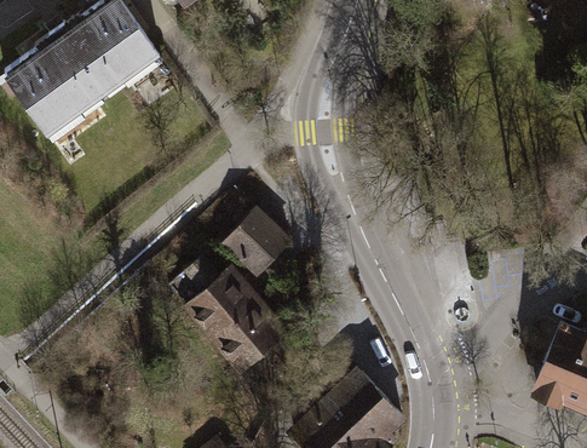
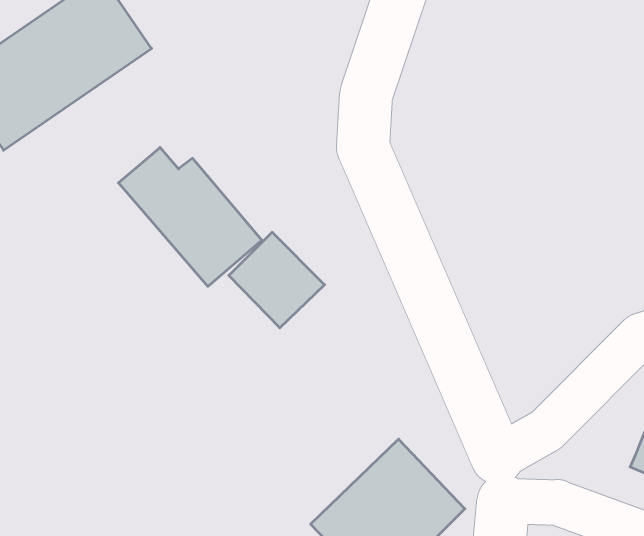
building: [172,262,284,371] -> [118,147,262,286]

